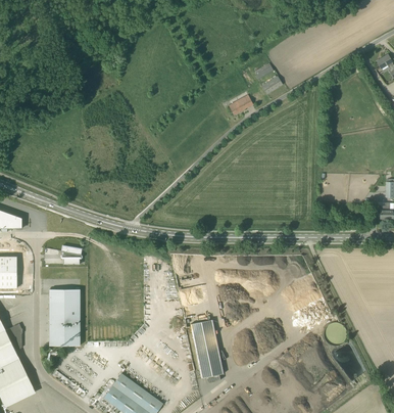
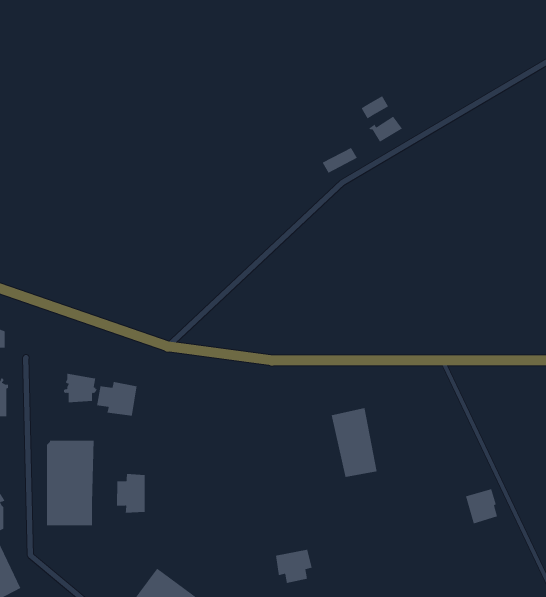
building: none -> [96,381,137,417]
building: none -> [116,473,145,513]
building: [189,319,219,365] -> [331,407,377,478]

